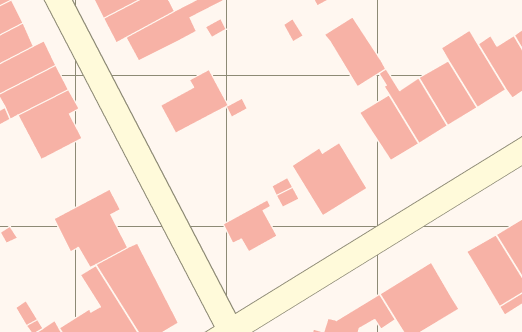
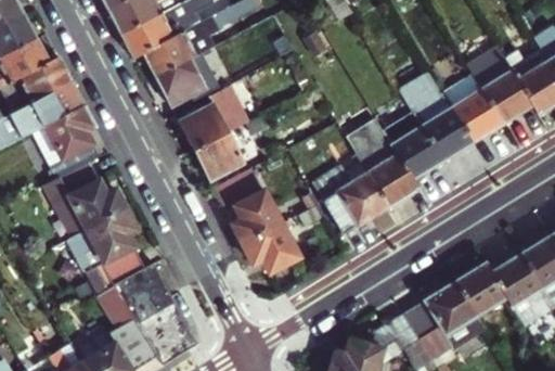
building: [324,17,386,87] -> [356,135,418,206]
building: none -> [155,55,204,106]
building: none -> [193,128,243,180]
building: none -> [42,159,126,236]
building: none -> [212,166,287,243]
building: none -> [455,264,507,318]

